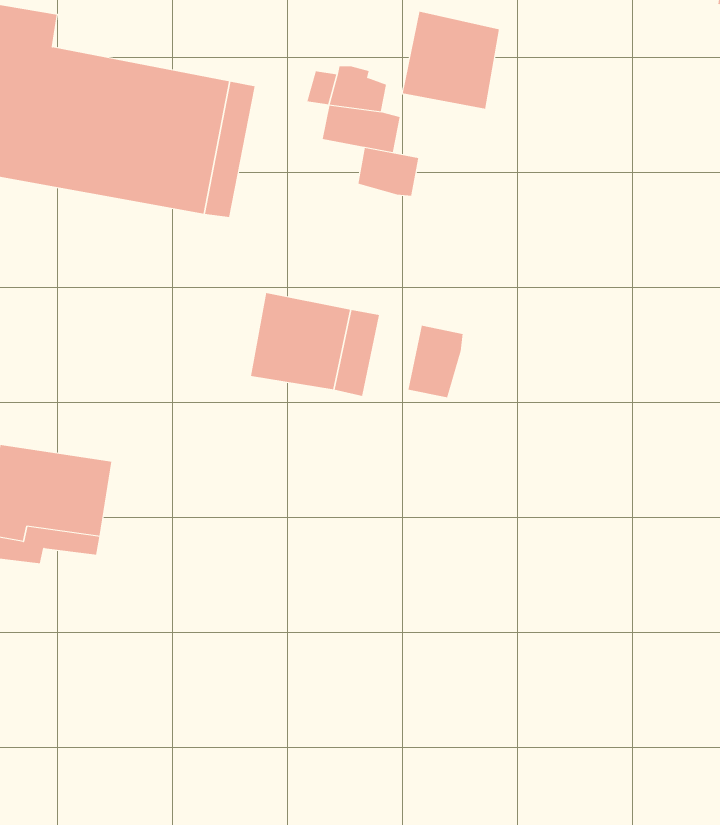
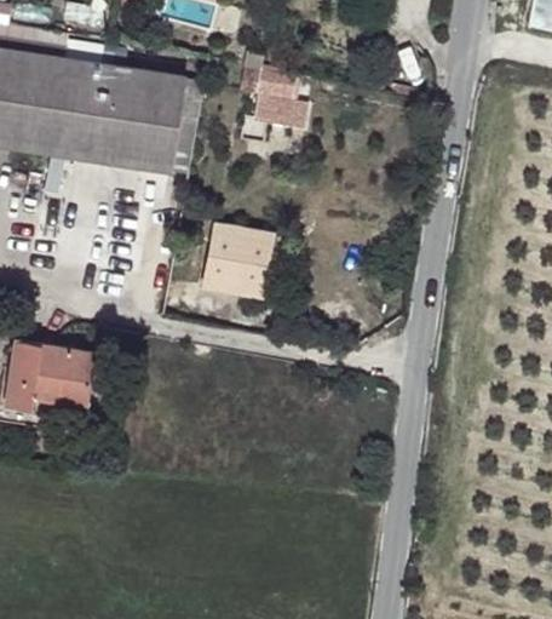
building: [402,11,500,110] -> none
building: [358,147,419,196] -> none
building: [408,325,463,398] -> none

